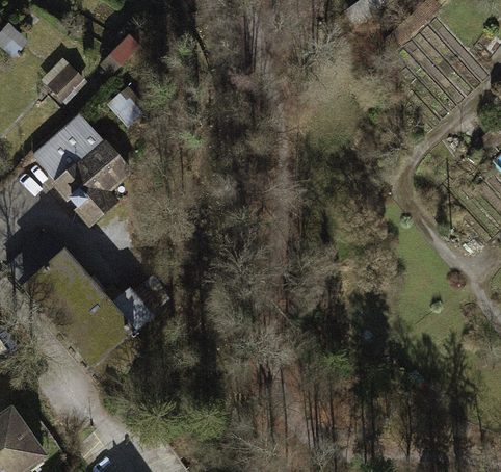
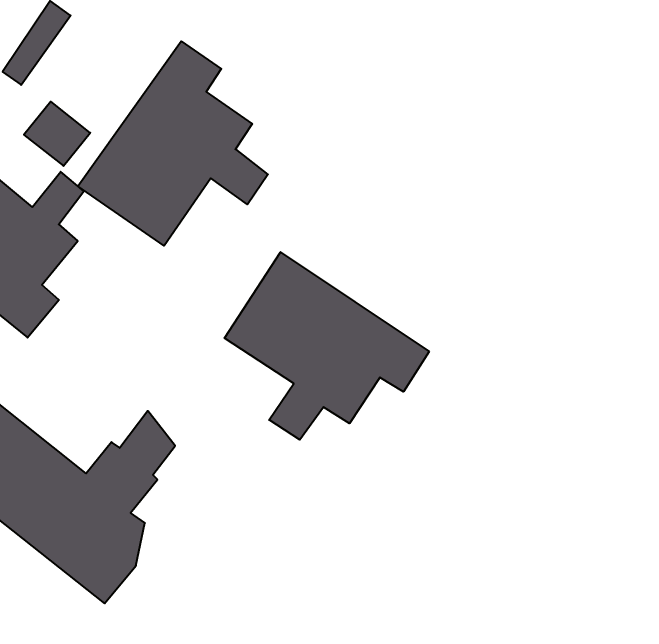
building: none -> [78,41,268,246]
building: none -> [225,252,429,440]

